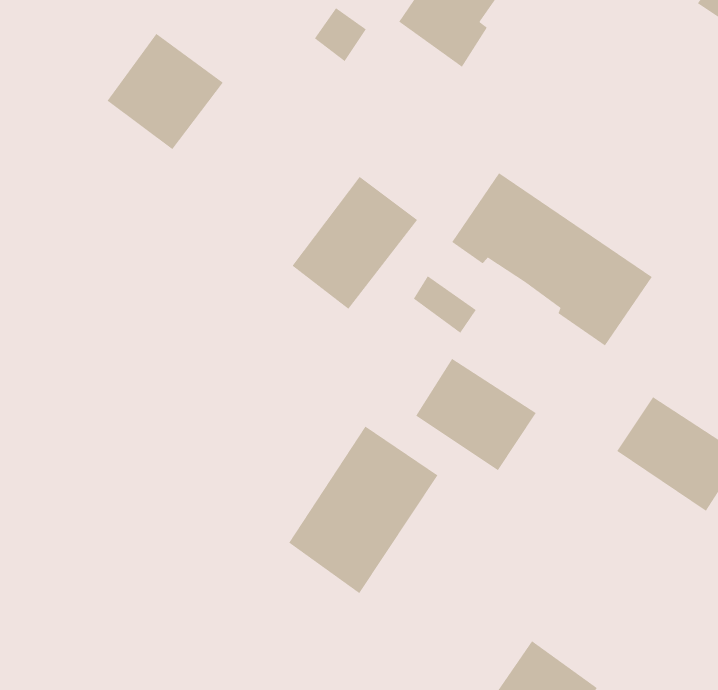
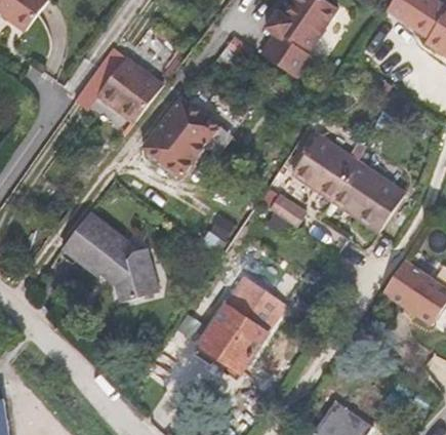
building: [291,176,418,310] -> [149,102,219,176]
building: none -> [62,214,150,300]
building: [415,358,537,471] -> none

